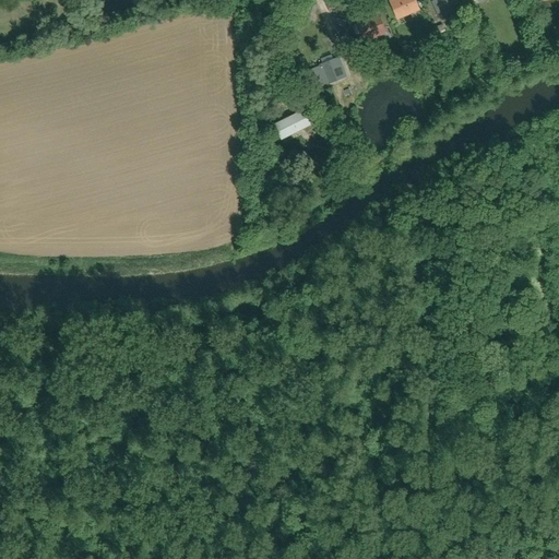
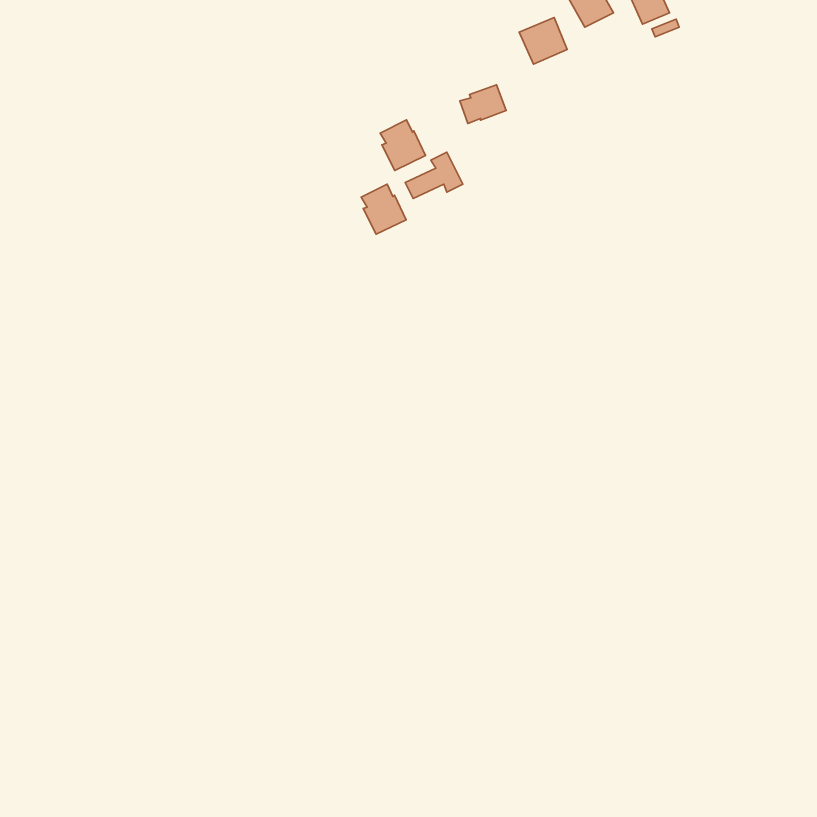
building: none -> [380,120,426,170]
building: none -> [361,184,406,234]

